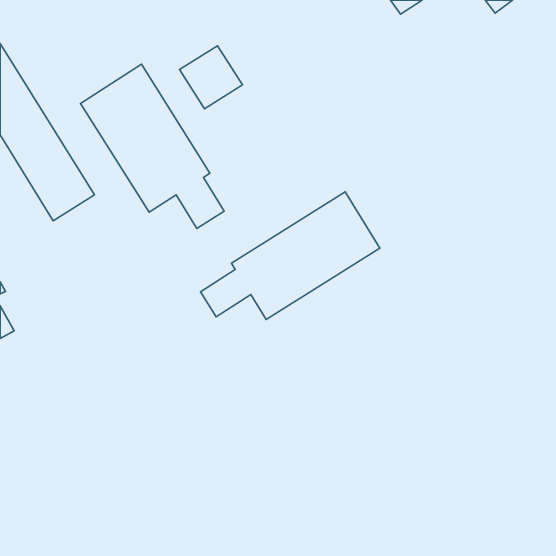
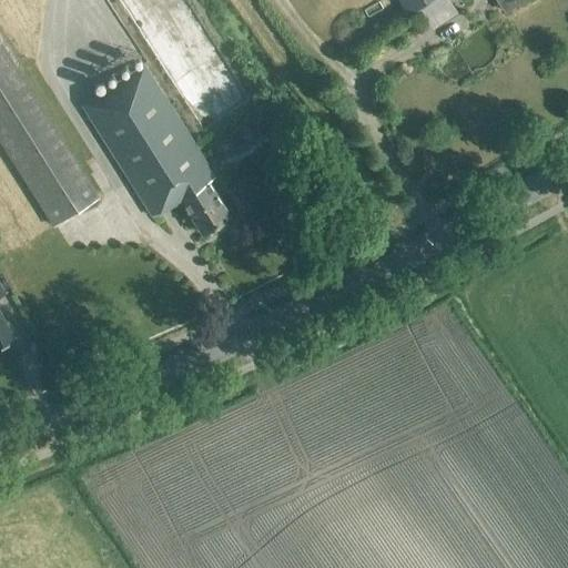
building: [201,192,380,320] -> none

